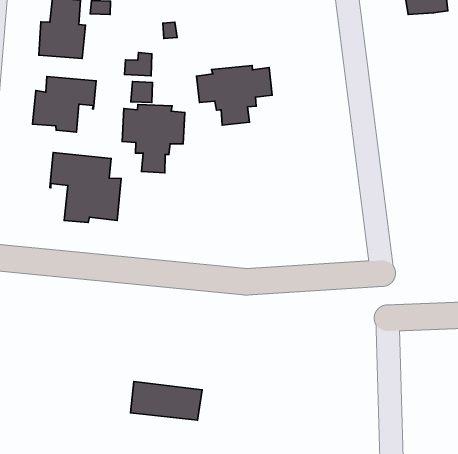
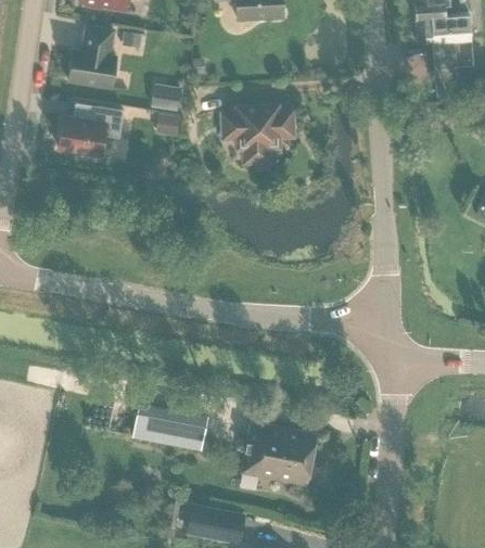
building: [122,105,185,173] -> none
building: [50,153,121,223] -> none
building: none -> [245,421,317,485]

